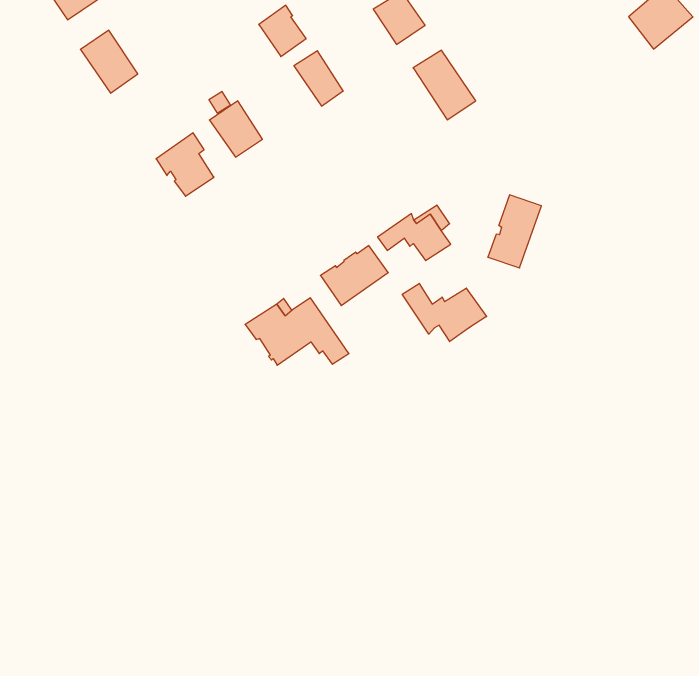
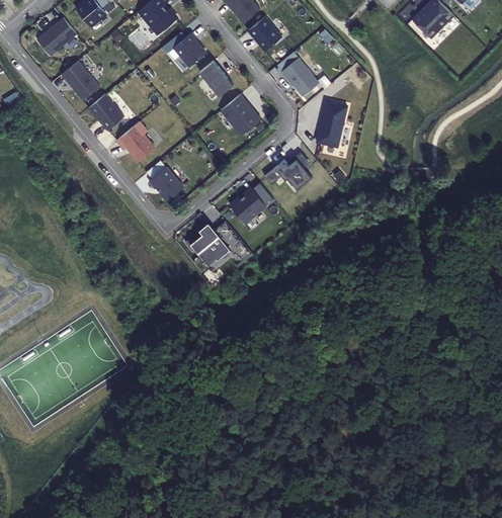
building: [209,101,262,157] -> [88,94,123,131]
building: none -> [221,95,261,137]
building: [488,195,541,268] -> [316,101,347,148]
building: none -> [149,167,183,202]
building: [402,283,487,342] -> none

